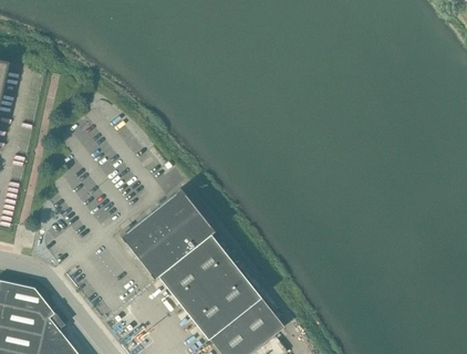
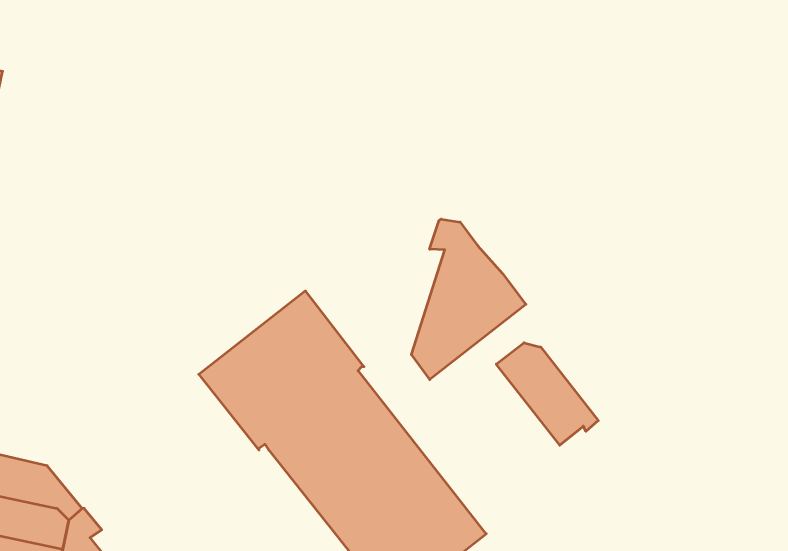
building: none -> [411,219,526,380]
building: none -> [496,343,598,445]

